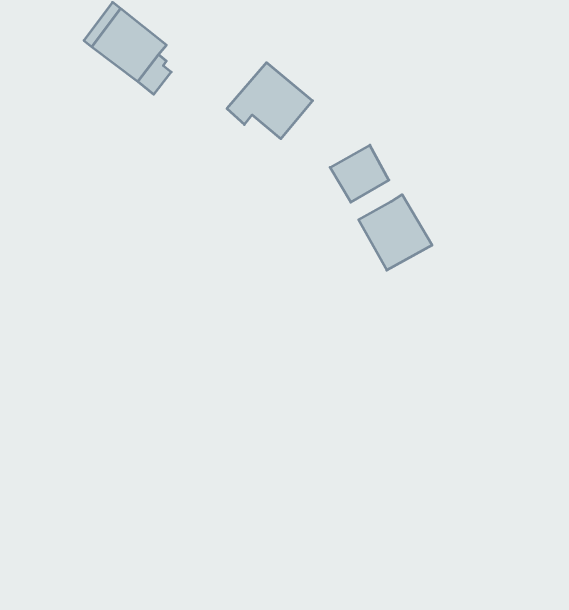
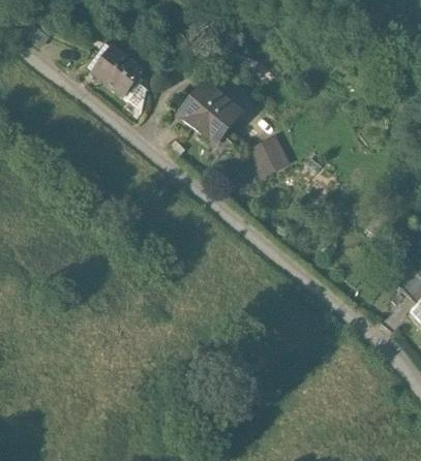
building: [359,195,432,270] -> none

